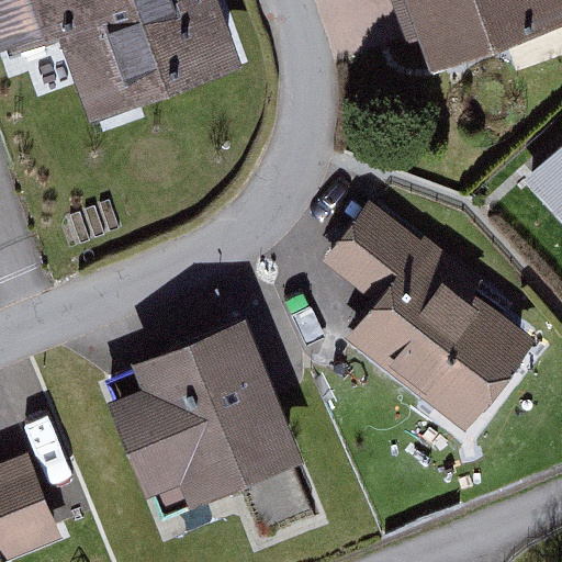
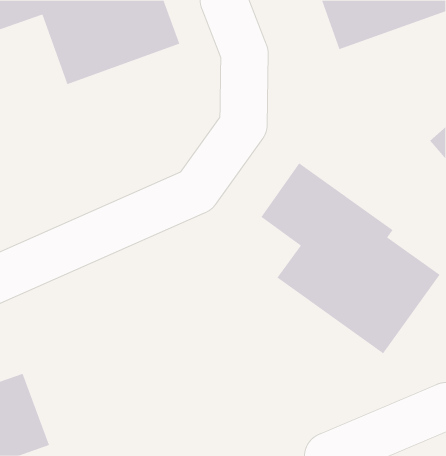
building: [114,315,312,503] -> none

